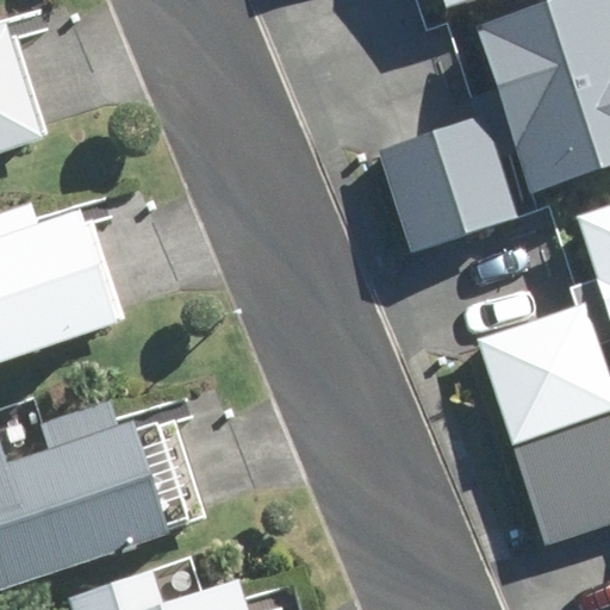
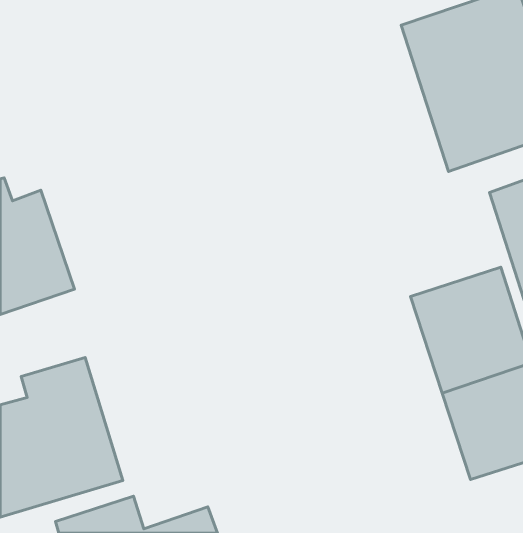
building: [384,117,513,248] -> none

